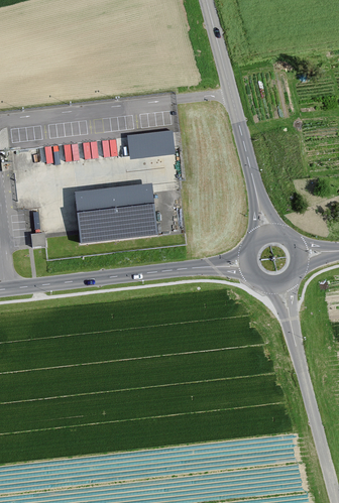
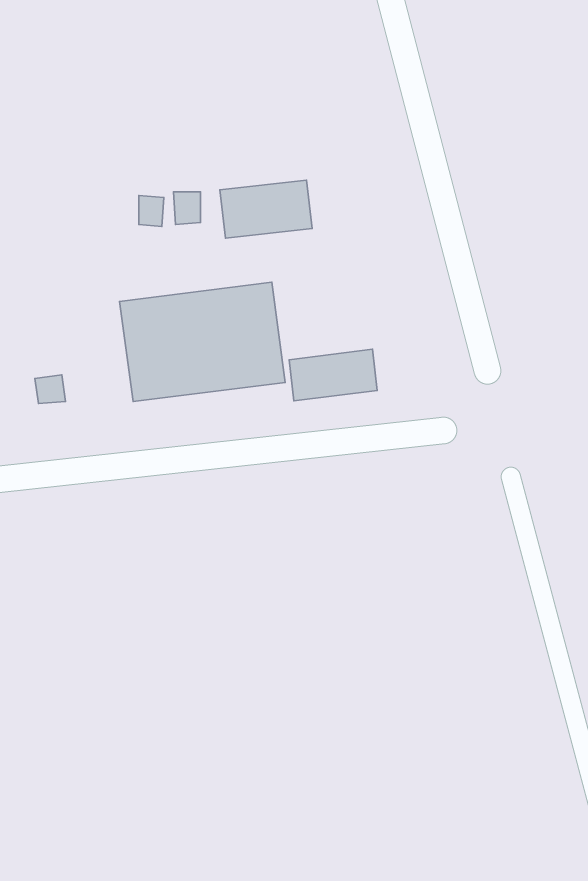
building: none -> [289,349,377,401]

